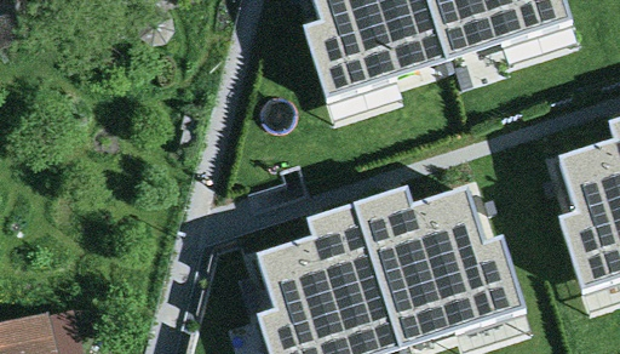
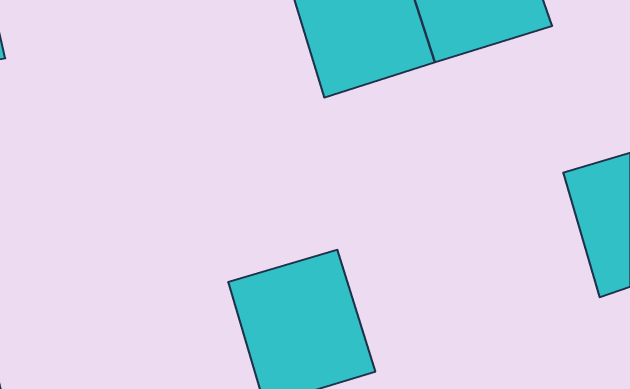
building: [356,194,495,336] -> none

